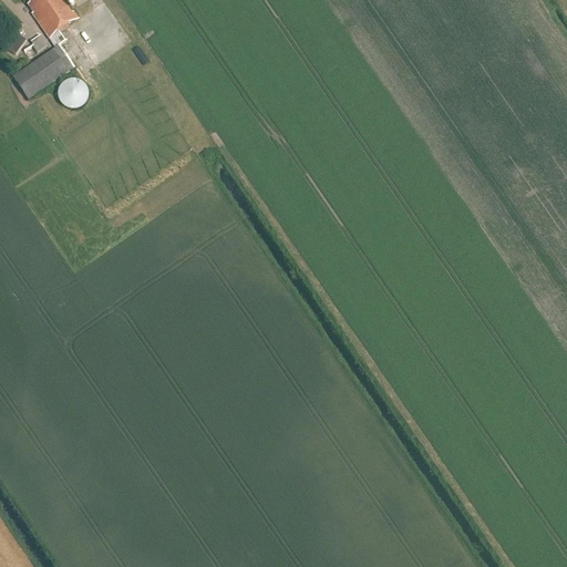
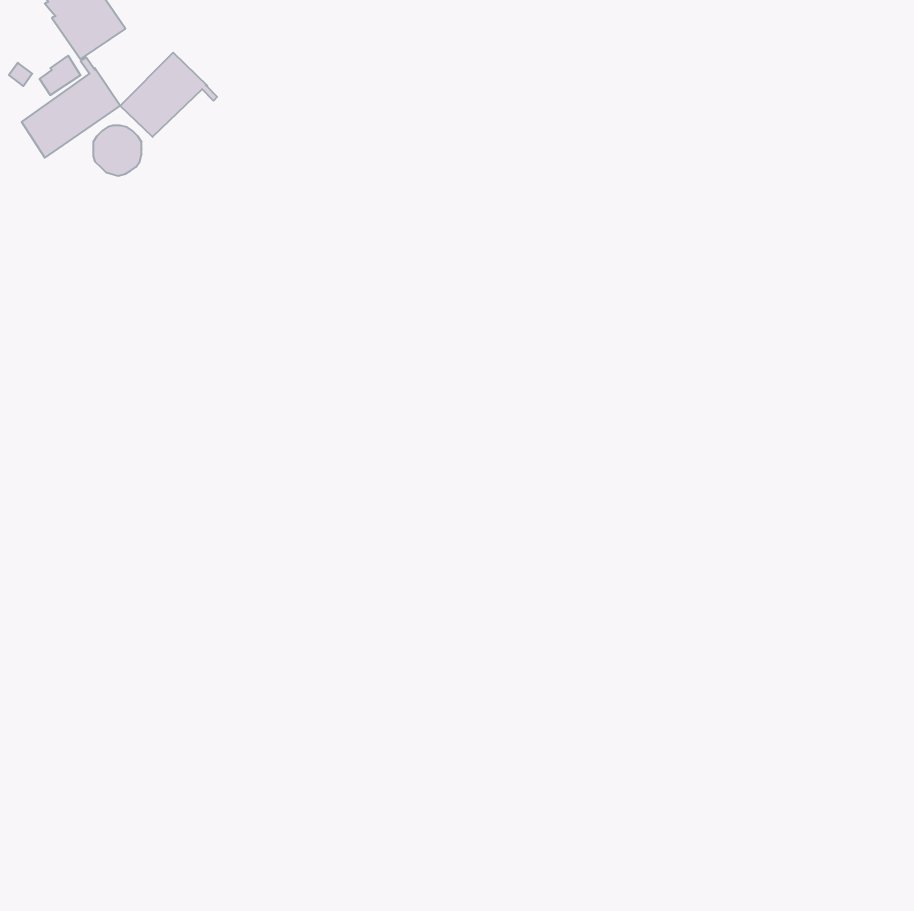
building: none -> [120,53,217,137]

